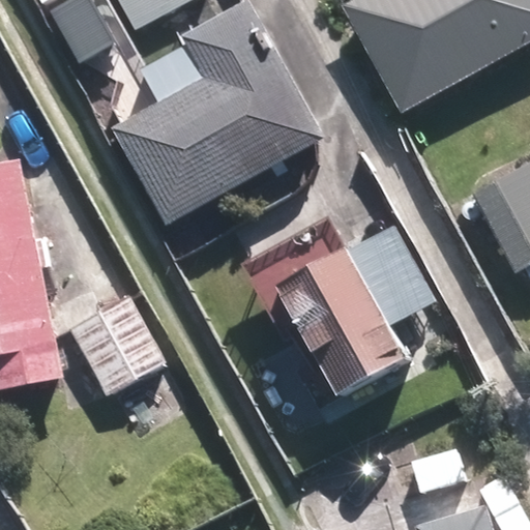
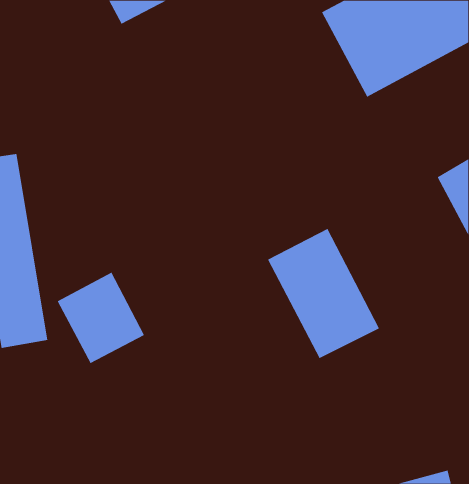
building: [124,16,317,217] -> none

